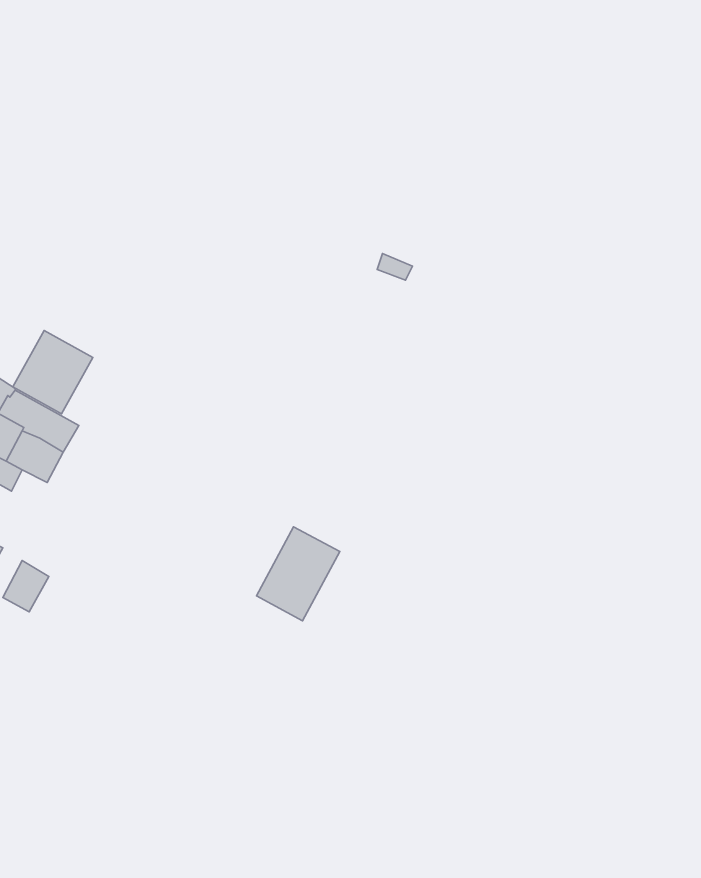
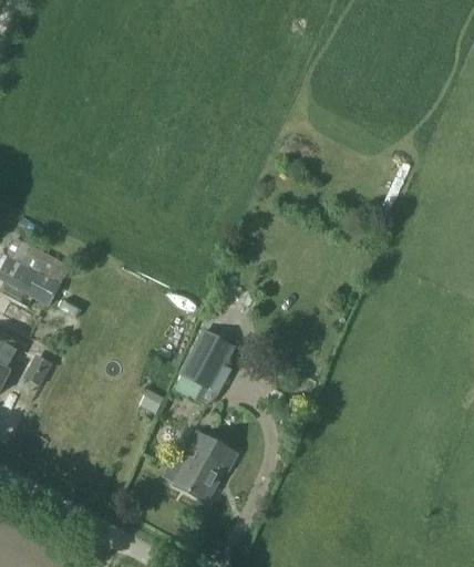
building: [13,330,93,414] -> none
building: none -> [163,436,236,499]

